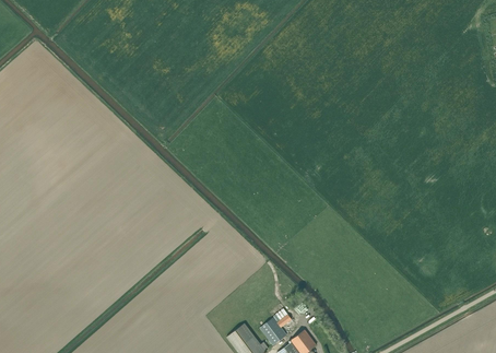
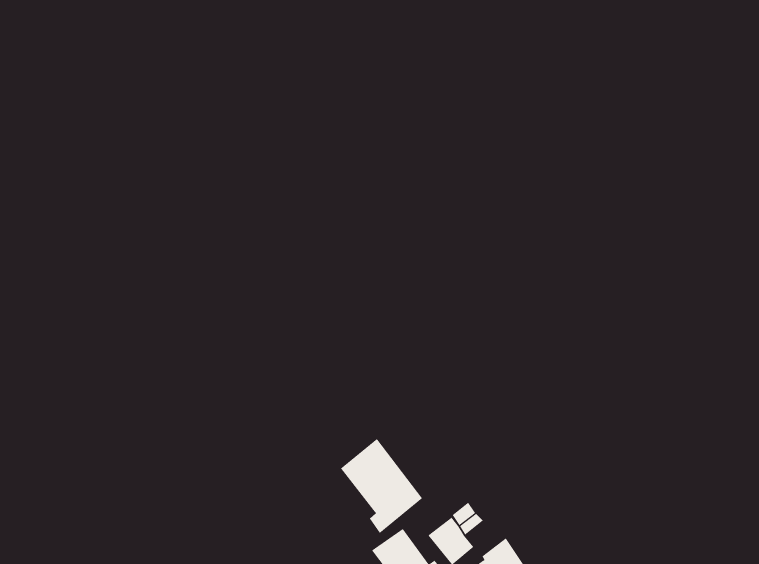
building: none -> [340,438,423,534]

